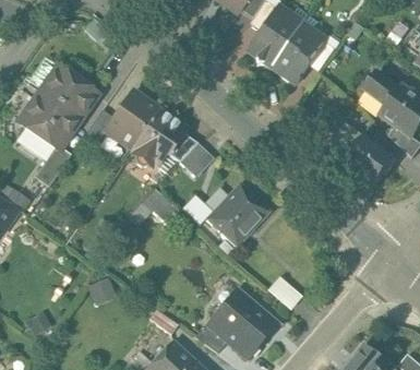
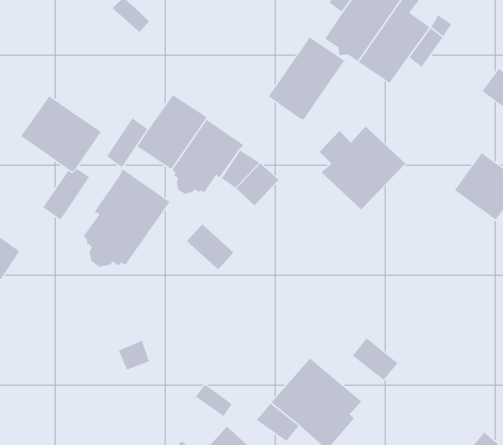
building: none -> [268,36,345,120]
building: [39,65,97,120] -> none
building: none -> [83,168,170,268]
building: [204,183,269,247] -> [319,126,406,210]

